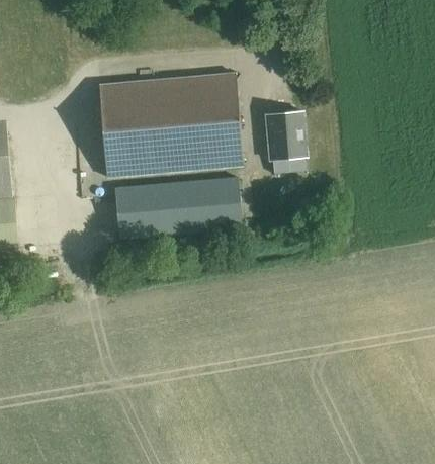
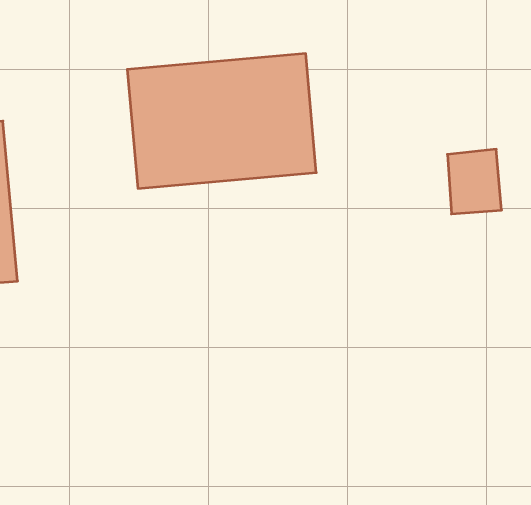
building: [266,109,308,159] -> [447,149,502,214]
building: [115,176,242,237] -> none

